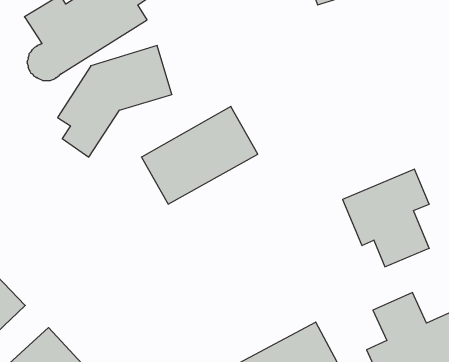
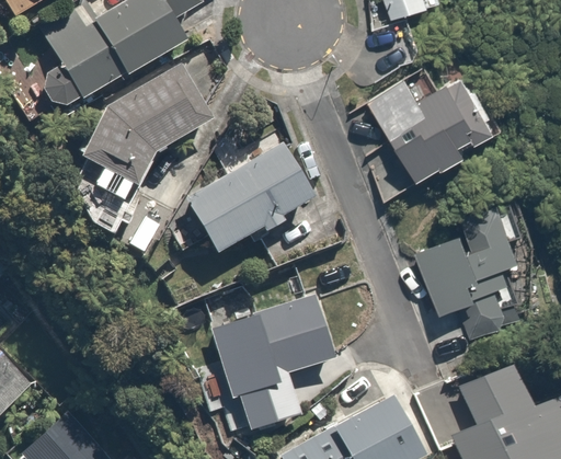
building: none -> [369,61,512,176]
building: none -> [194,297,335,429]

